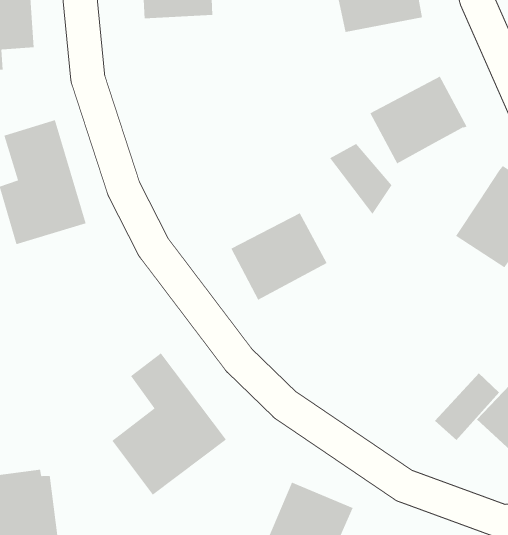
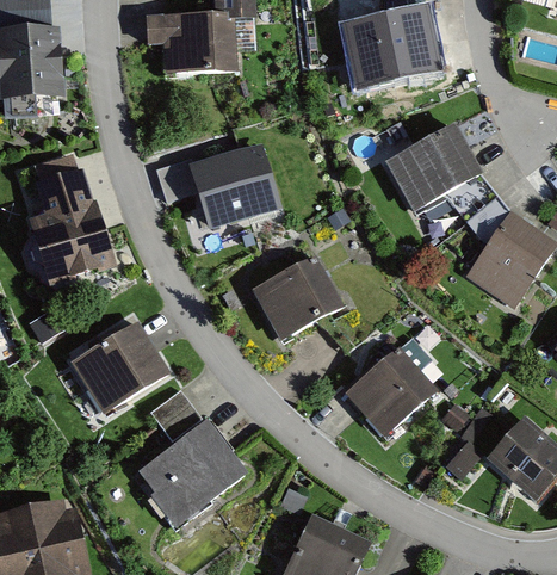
building: none -> [187,149,274,227]
building: [329,143,392,215] -> [447,174,508,243]
building: none -> [72,321,168,414]
building: none -> [342,344,440,440]

